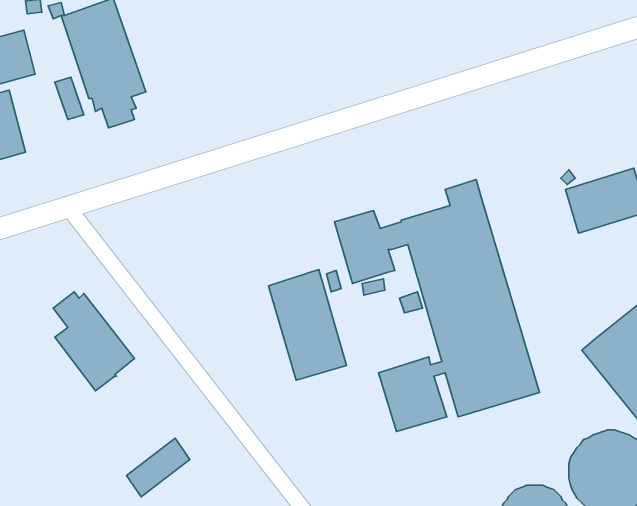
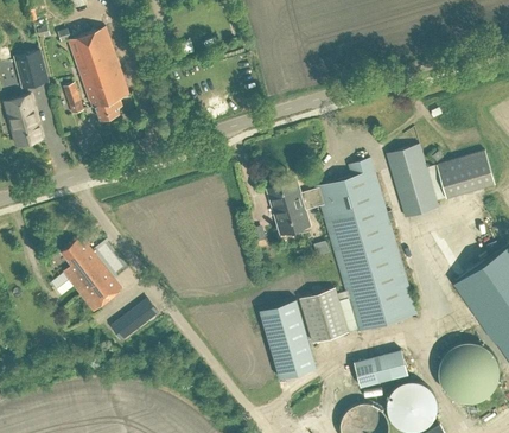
building: none -> [386,145,439,218]
building: [269,270,347,380] -> [260,300,317,381]
building: [126,438,190,497] -> [112,299,158,342]
building: none -> [355,350,408,388]

